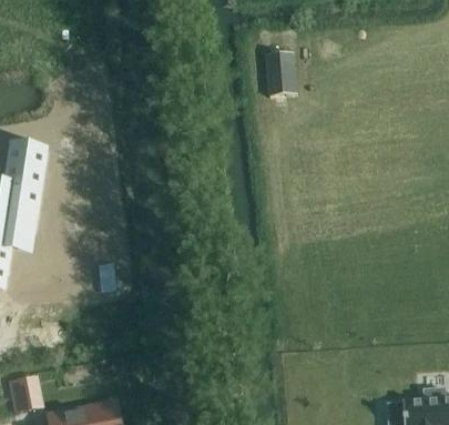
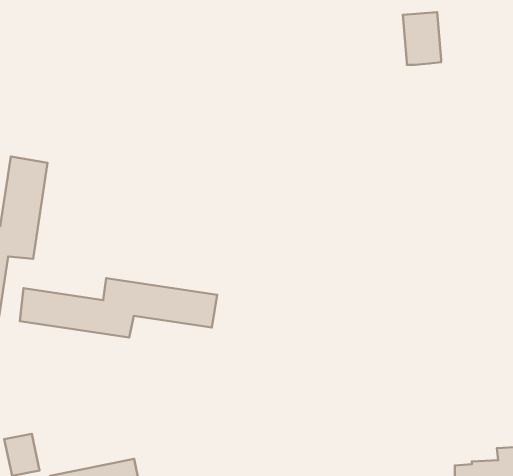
building: [265,54,297,99] -> [403,12,441,65]
building: none -> [20,278,217,338]

